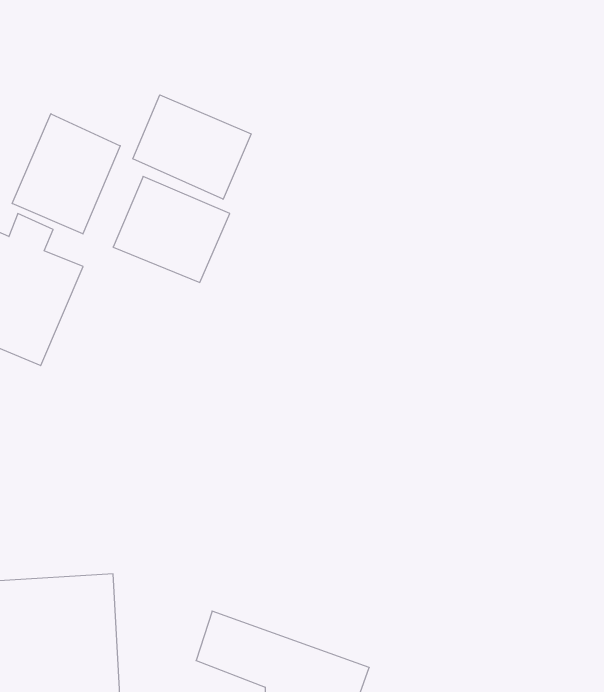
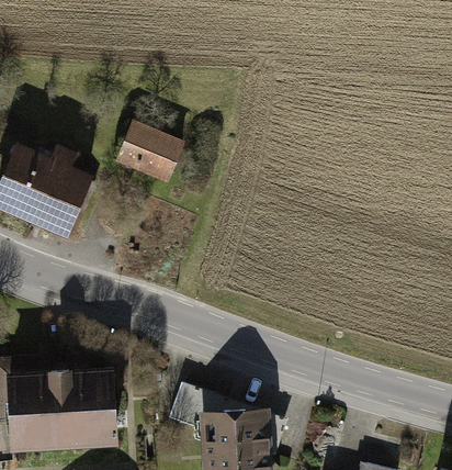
building: [133,95,251,199] -> none
building: [12,114,120,234] -> none

